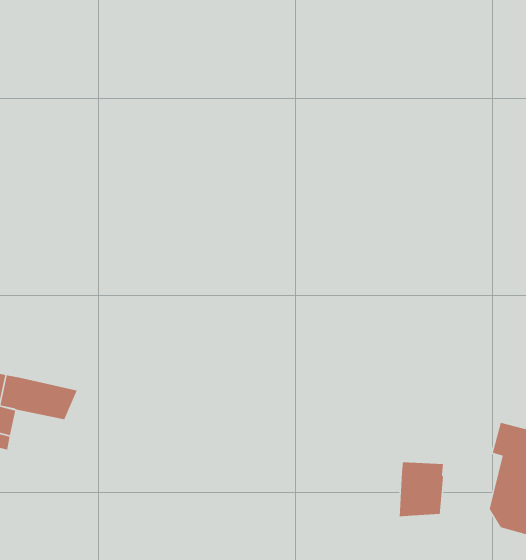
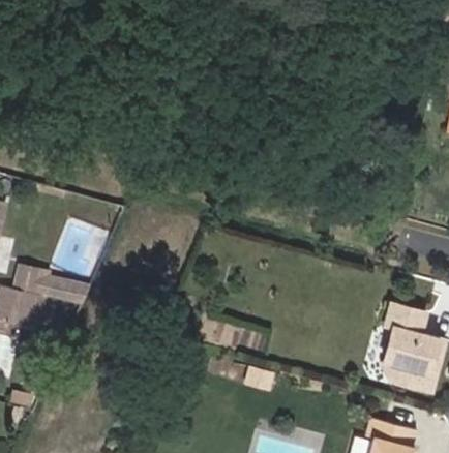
building: [399,461,444,517] -> none

